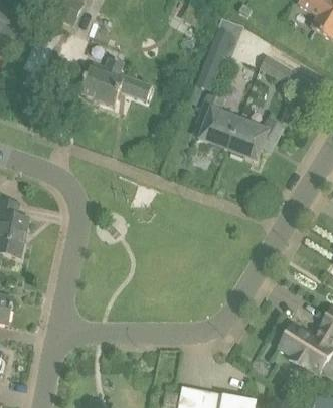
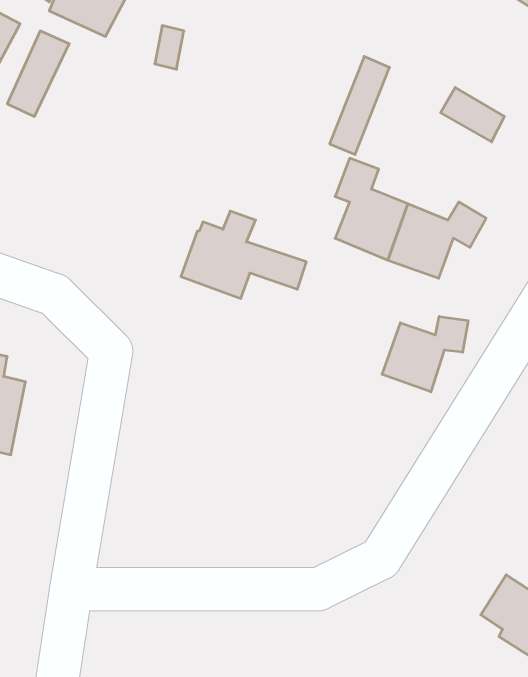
building: [80,55,150,104] -> [181,211,306,298]
building: none -> [382,316,468,392]

